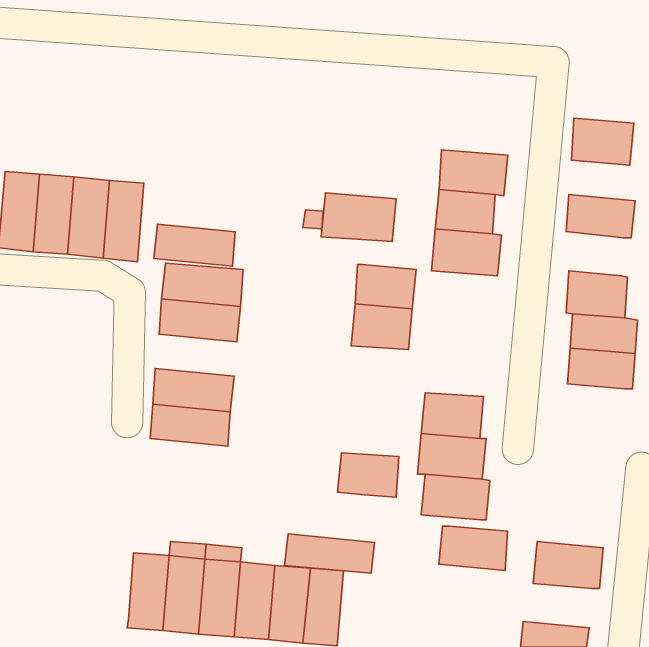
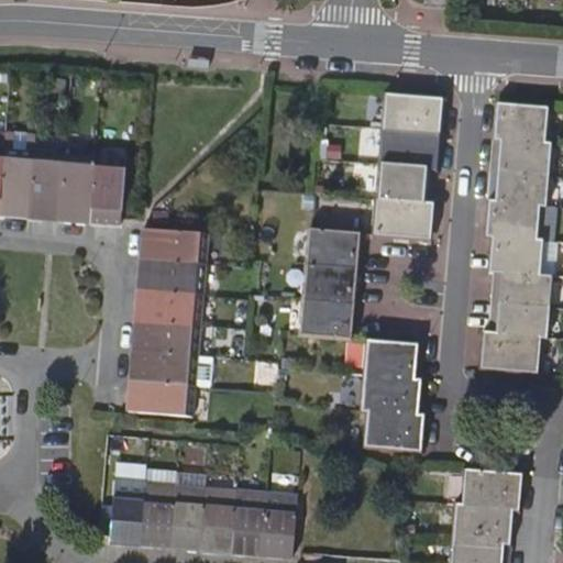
building: none -> [382,93,442,134]
building: none -> [492,139,551,174]
building: [321,193,396,241] -> none
building: [154,224,235,266] -> [134,289,205,325]
building: none -> [486,200,539,239]
building: none -> [482,331,540,372]
building: none -> [126,379,197,417]
building: [338,453,399,497] -> [300,299,353,338]
building: [439,526,508,571] -> [452,505,511,543]
building: [284,534,375,573] -> none

